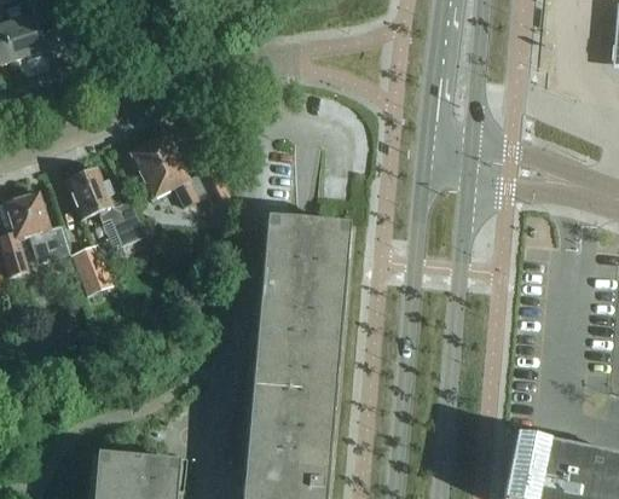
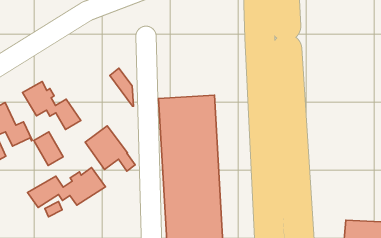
building: [131,135,199,207] -> [85,126,135,171]
building: none -> [28,167,105,208]

